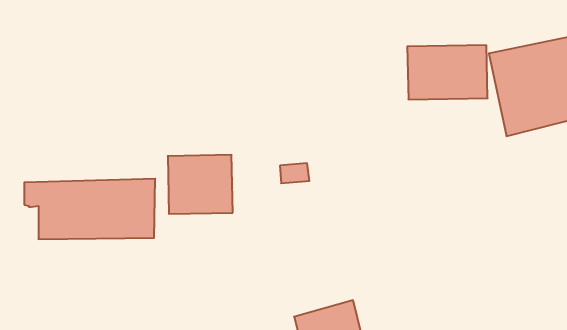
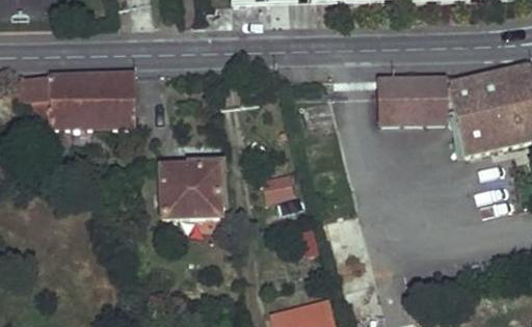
building: [24,179,155,239] -> [22,70,137,122]

